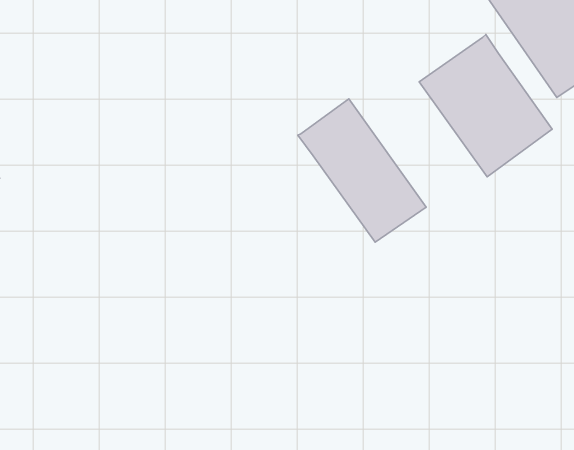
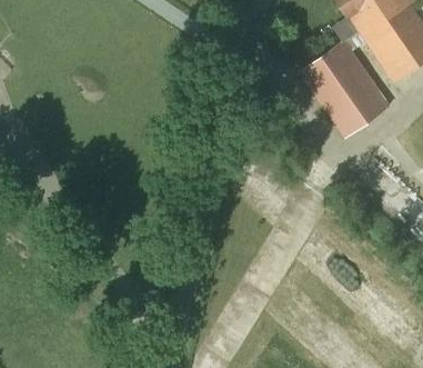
building: [298,99,426,242] -> none

